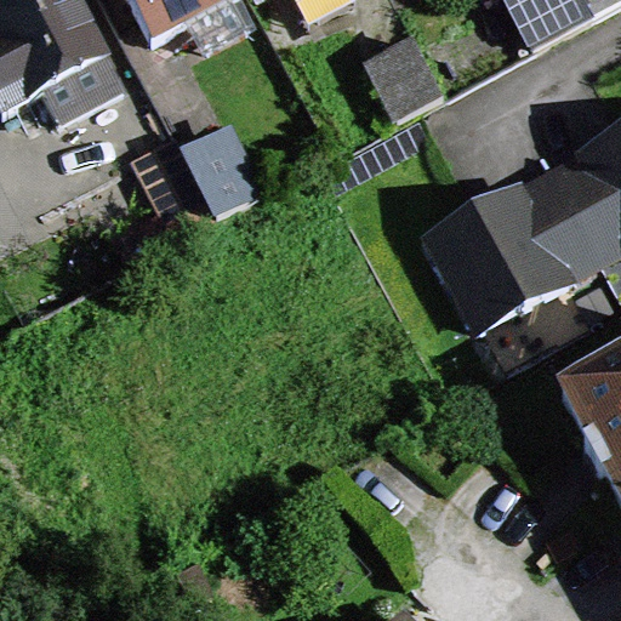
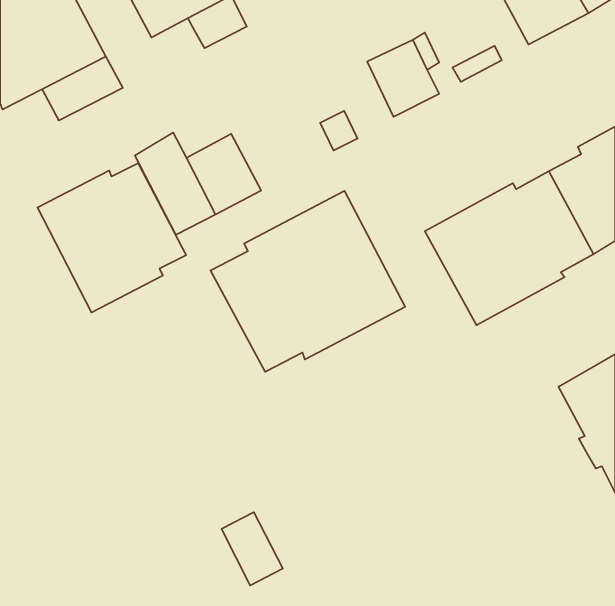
building: none -> [38,163,186,312]
building: none -> [211,191,405,372]

